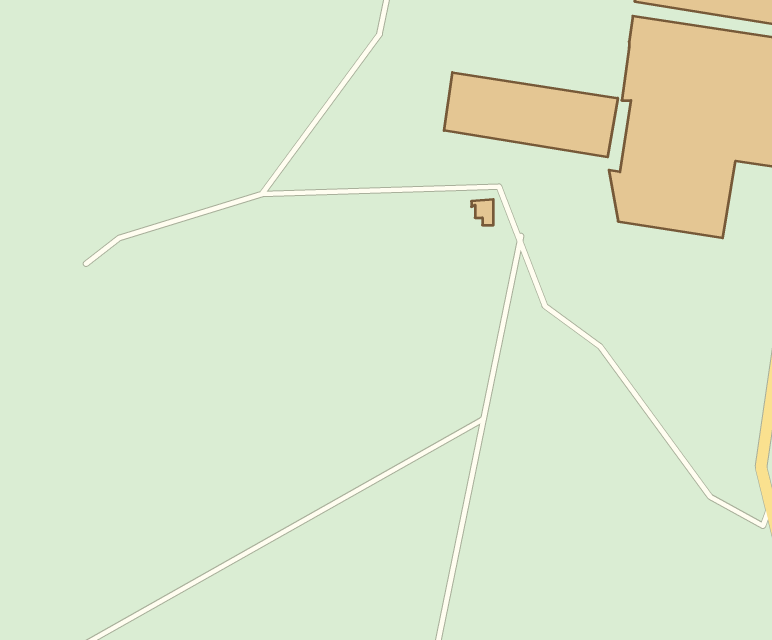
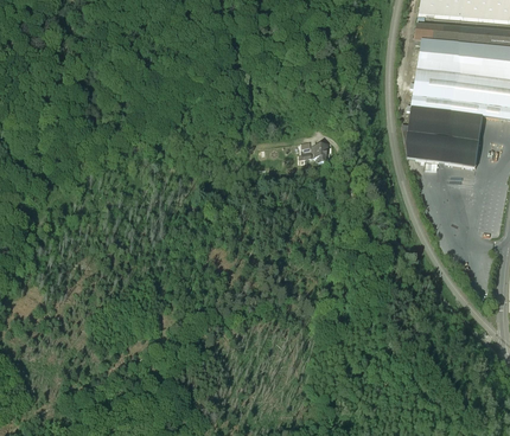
building: [444,72,618,157] -> none

